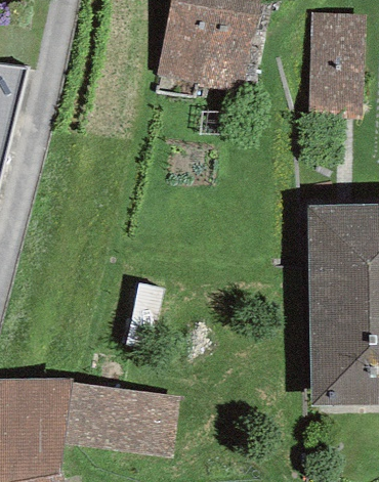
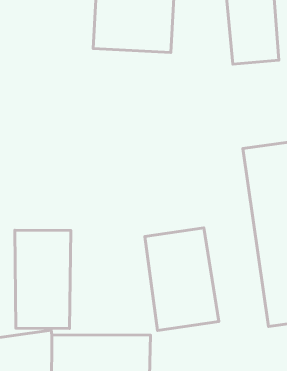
building: none -> [15,230,71,328]
building: none -> [145,228,219,330]

